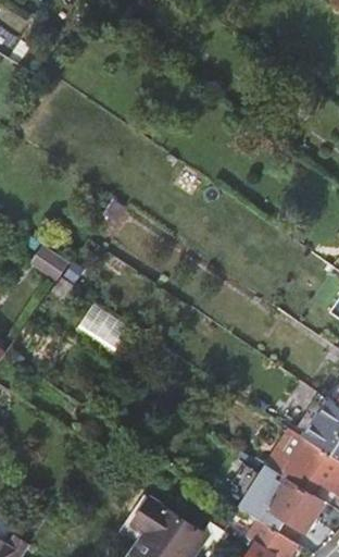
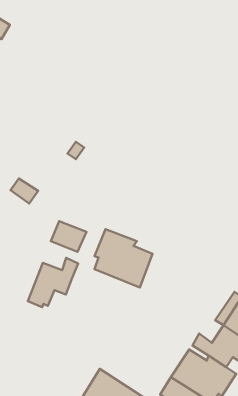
building: none -> [94,229,153,287]
building: none -> [28,258,78,307]

